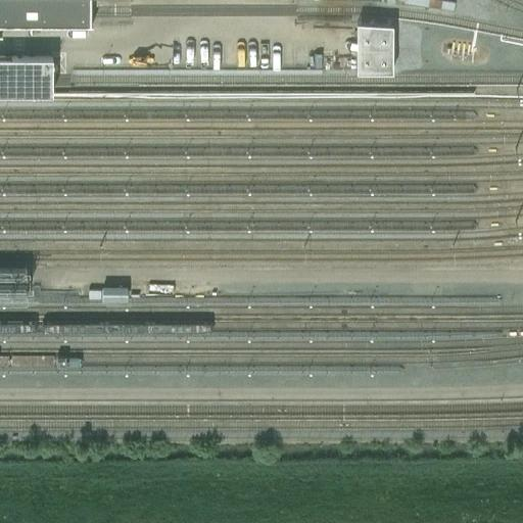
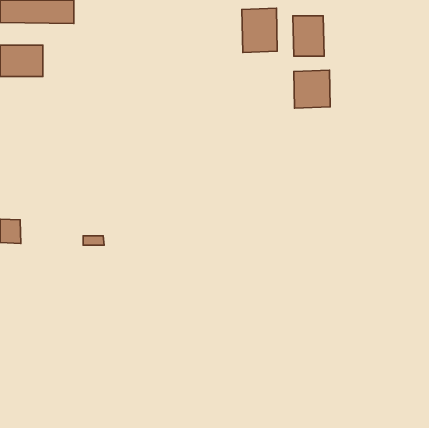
building: none -> [242,8,277,52]
building: none -> [294,70,330,108]

